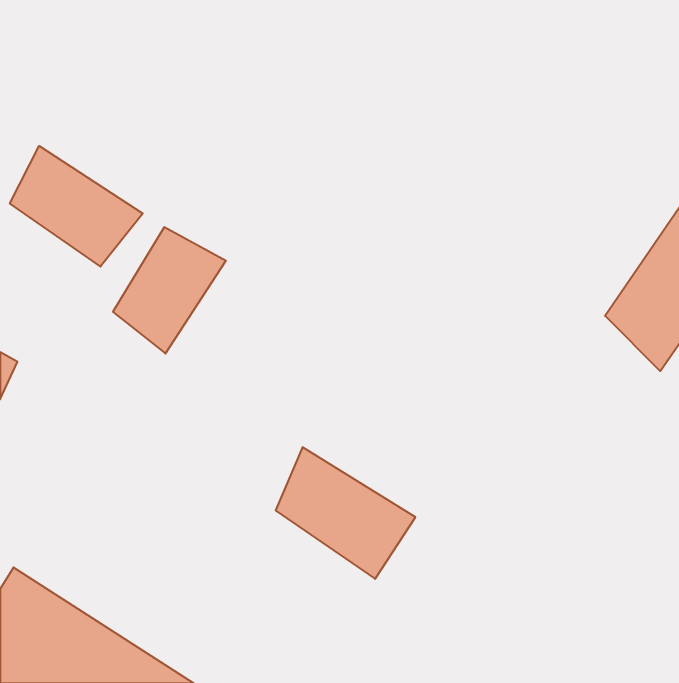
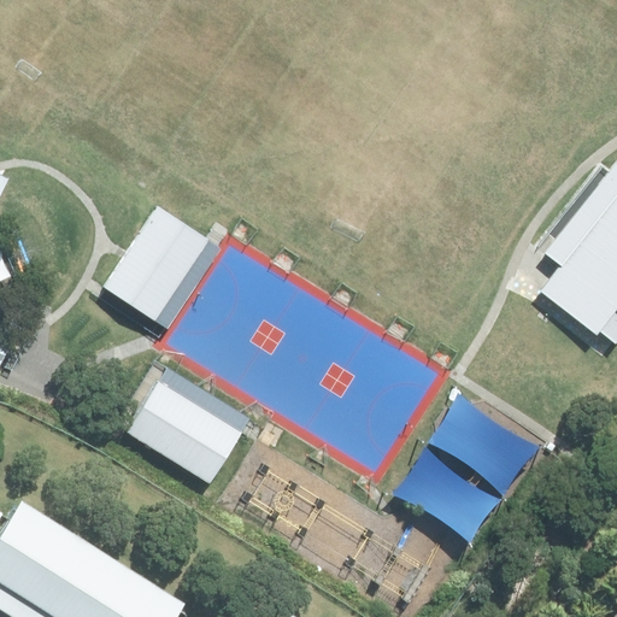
building: [10,146,143,267] -> none
building: [276,447,415,579] -> [123,371,248,489]

